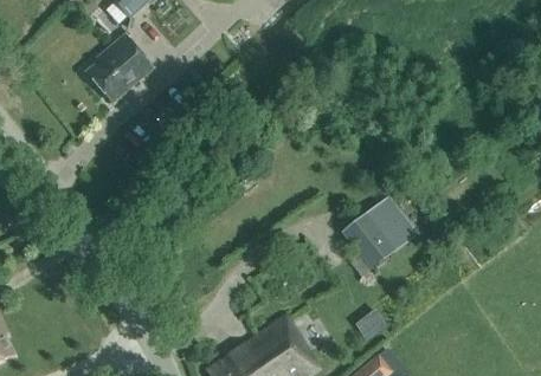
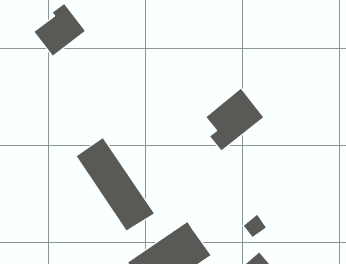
building: [342,194,418,275] -> [205,88,264,151]
building: none -> [76,137,155,232]

